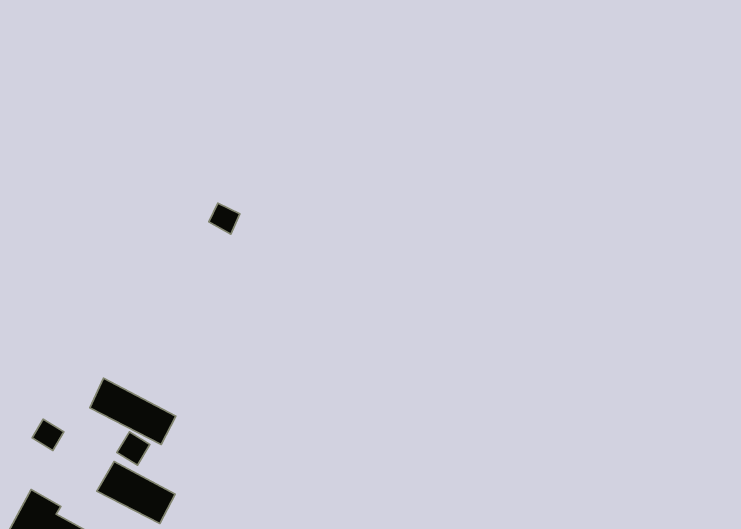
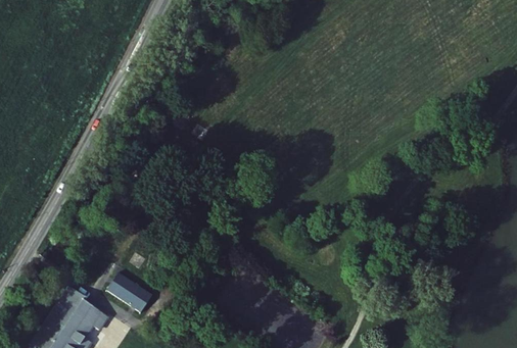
building: [90,378,176,444] -> none

